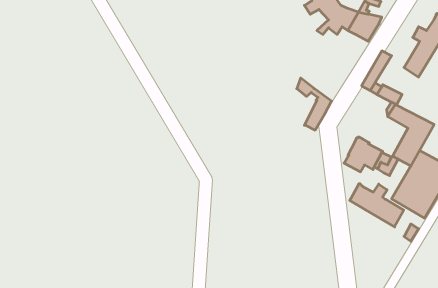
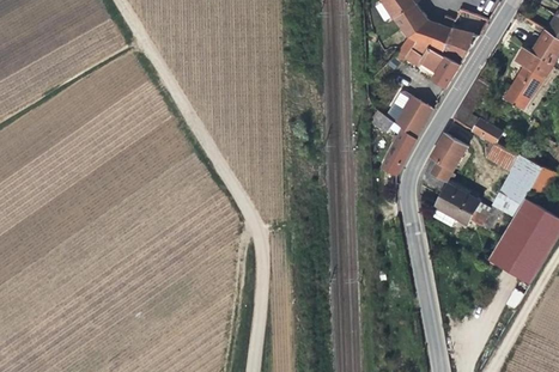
building: none -> [390,47,461,86]
building: none -> [394,94,433,139]
building: none -> [430,133,467,182]
building: [350,184,404,227] -> none

